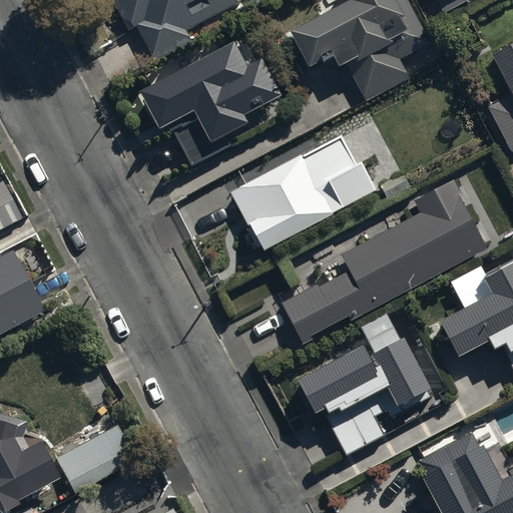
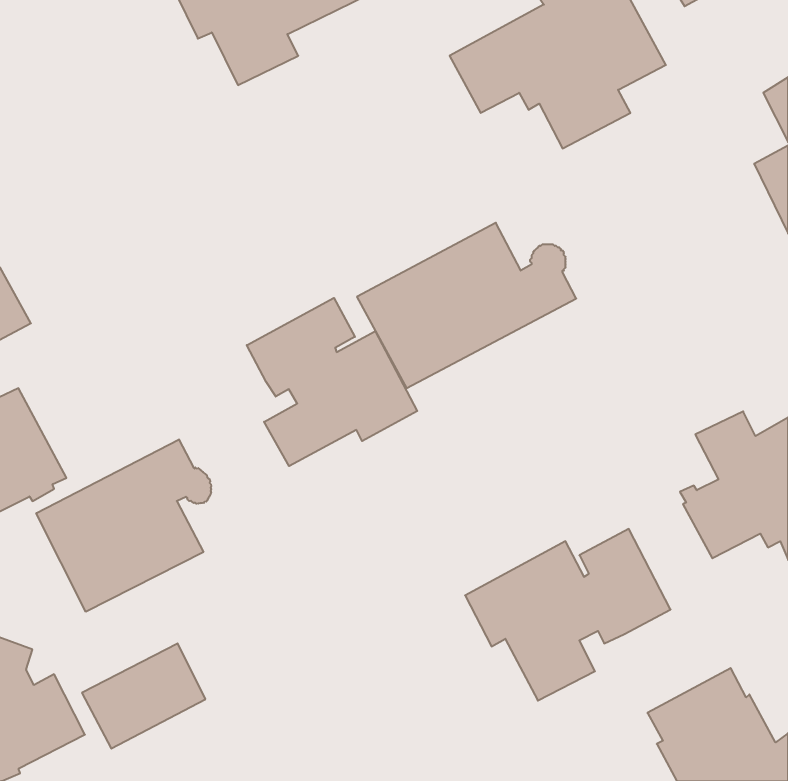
building: [141,34,282,156] -> none
building: [284,179,489,344] -> none
building: none -> [247,298,417,466]
building: none -> [36,439,211,612]

